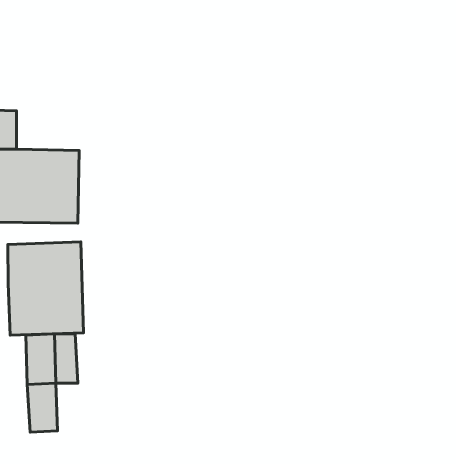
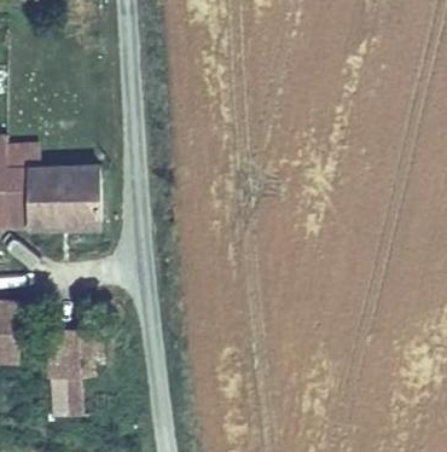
building: [8,242,83,335] -> none

